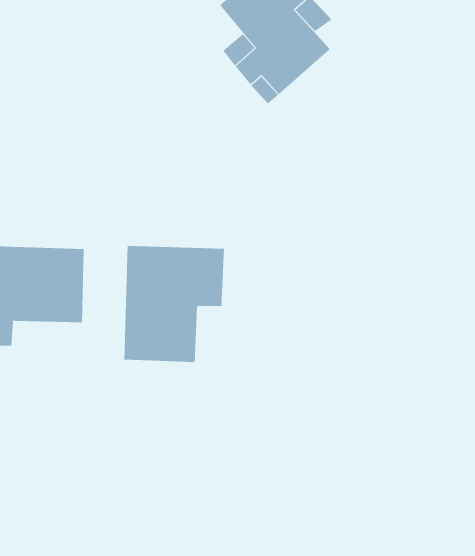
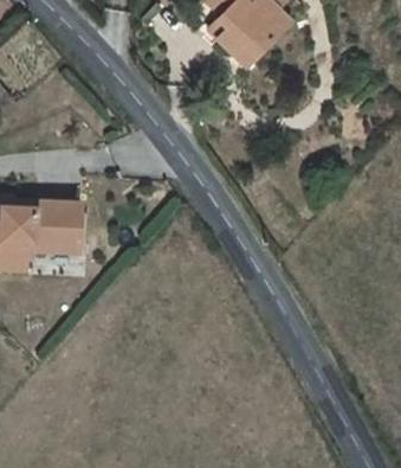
building: [124,245,224,363] -> none

